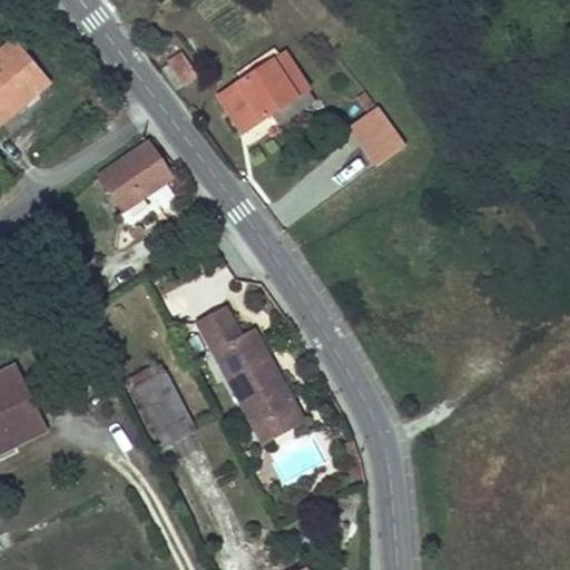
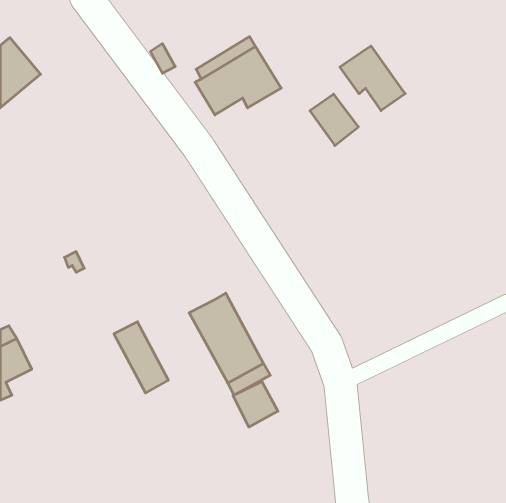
building: none -> [340,46,405,111]
building: [100,144,169,209] -> none
building: [197,308,240,352] -> none
building: none -> [233,381,278,427]

